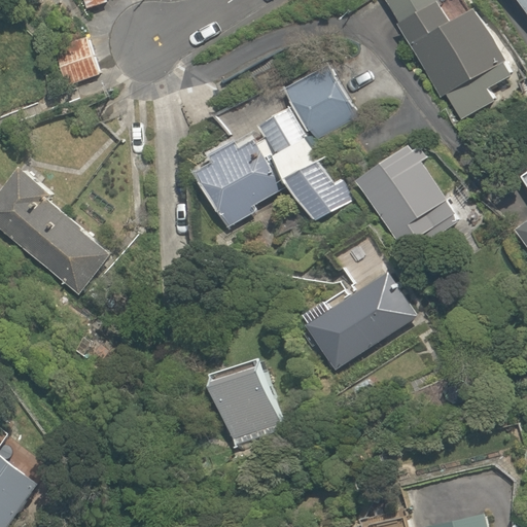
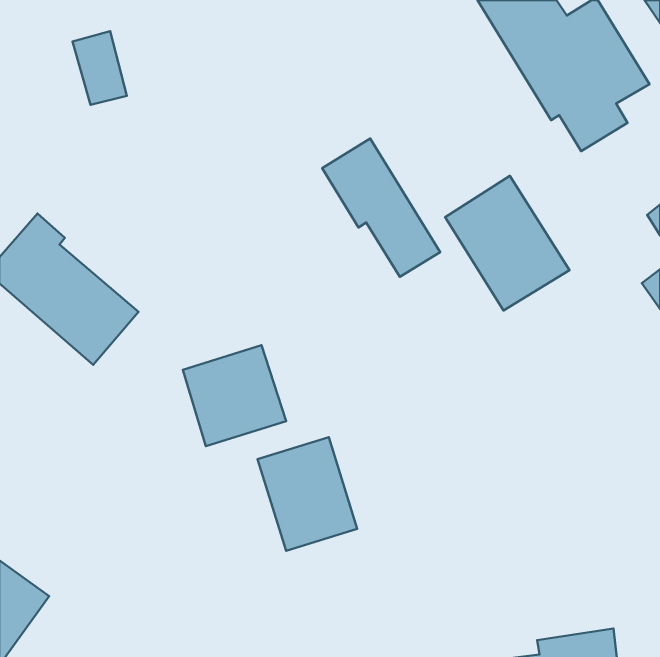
building: [286,66,359,145] -> none
building: [186,137,284,231] -> none
building: [304,271,413,372] -> none
building: none -> [183,345,286,446]

